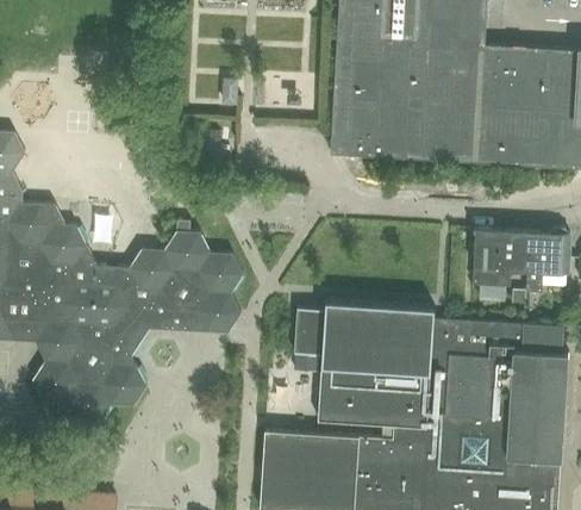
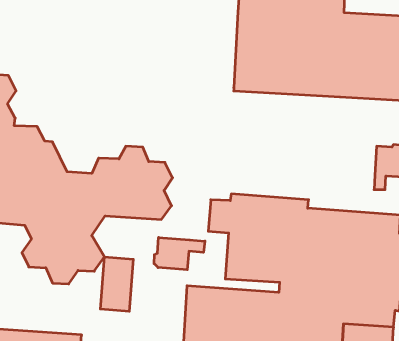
building: [473,230,530,287] -> none
building: none -> [154,237,205,270]
building: none -> [100,257,133,311]

